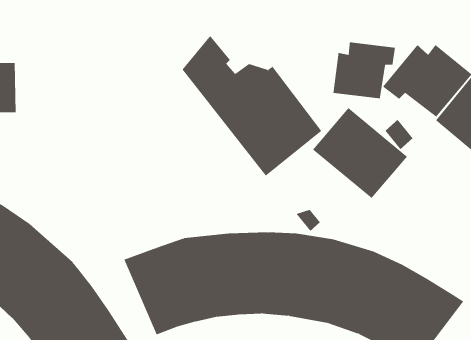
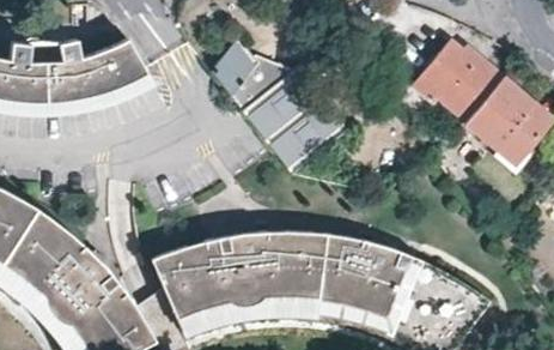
building: none -> [44,40,152,114]
building: [333,41,395,99] -> none
building: [312,107,408,199] -> none

